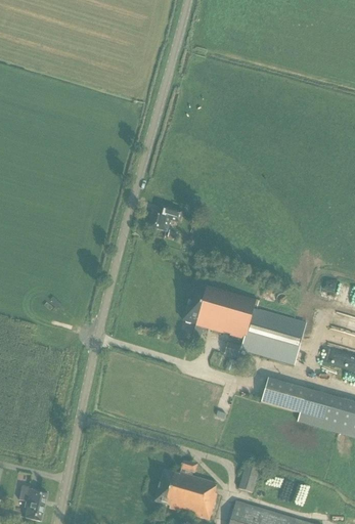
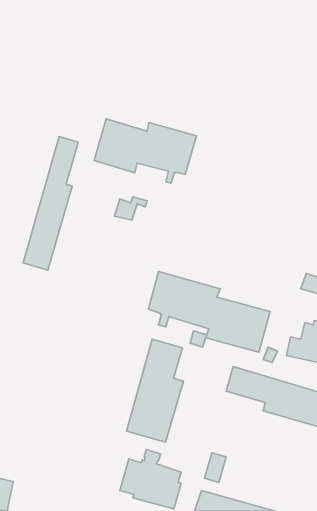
building: none -> [94,119,196,183]
building: none -> [23,137,78,270]
building: none -> [127,339,183,442]

